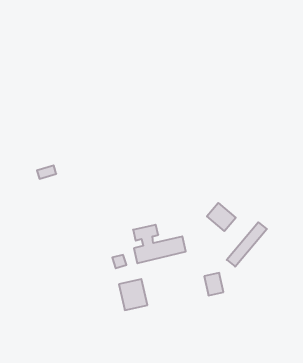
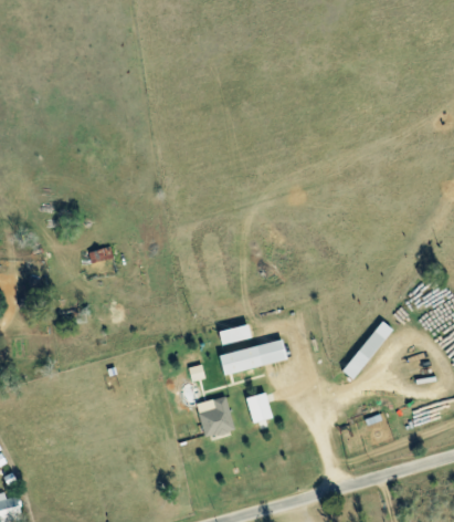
building: [207,203,236,231] -> none
building: [204,273,223,295] -> [246,393,272,422]

